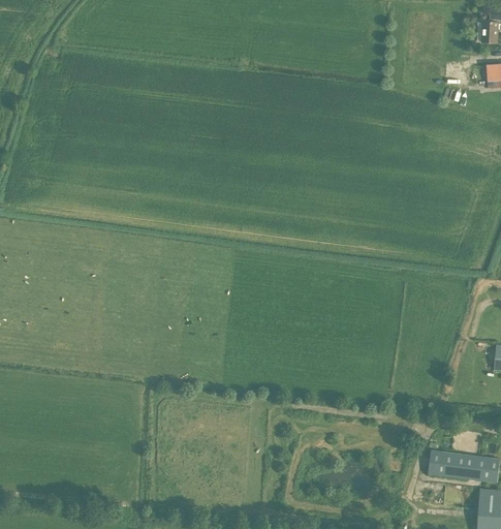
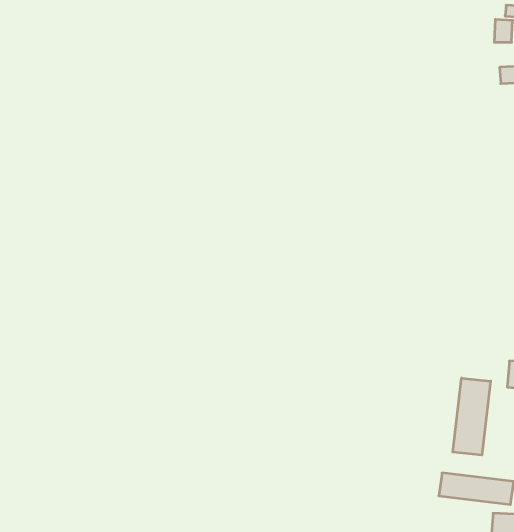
building: none -> [453,378,491,455]

